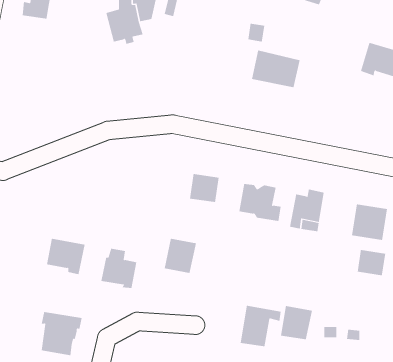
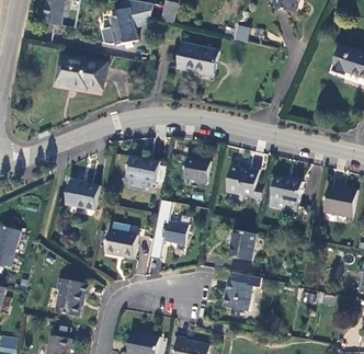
building: [251,50,301,88] -> [177,41,219,73]
building: none -> [54,57,105,89]
building: none -> [126,158,160,191]
building: [46,238,85,275] -> [65,181,99,213]
building: [357,249,386,276] -> none
building: [280,306,313,340] -> [229,230,258,260]

